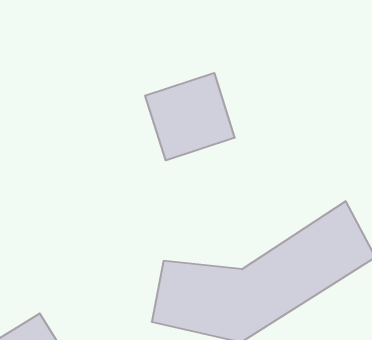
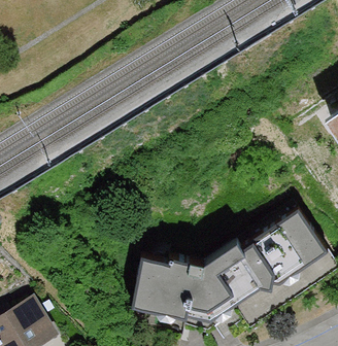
building: [145,73,235,160] -> none

